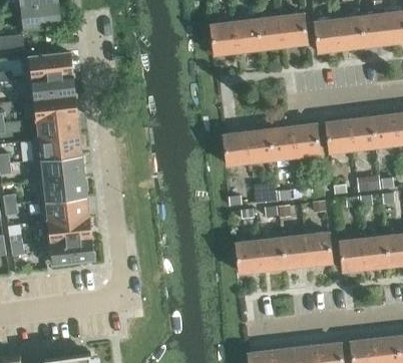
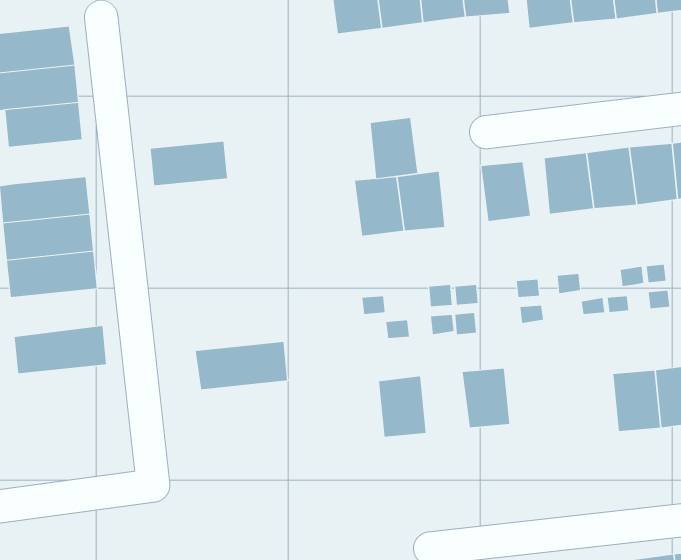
building: [37,111,79,135] -> [150,141,228,186]
building: [270,125,296,158] -> [370,117,418,179]
building: [38,192,88,218] -> none
building: [305,232,331,265] -> none
building: [42,233,92,259] -> [195,342,288,390]
building: [260,237,286,270] -> none
building: [339,238,366,272] -> none

